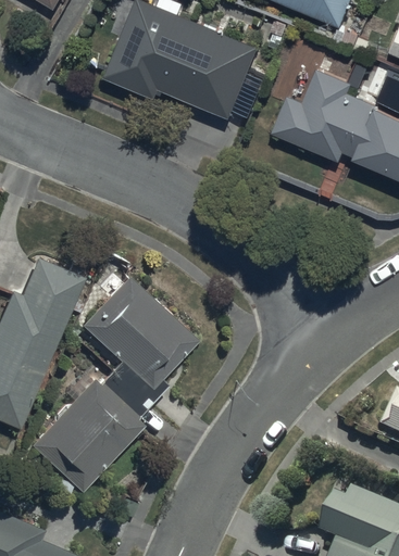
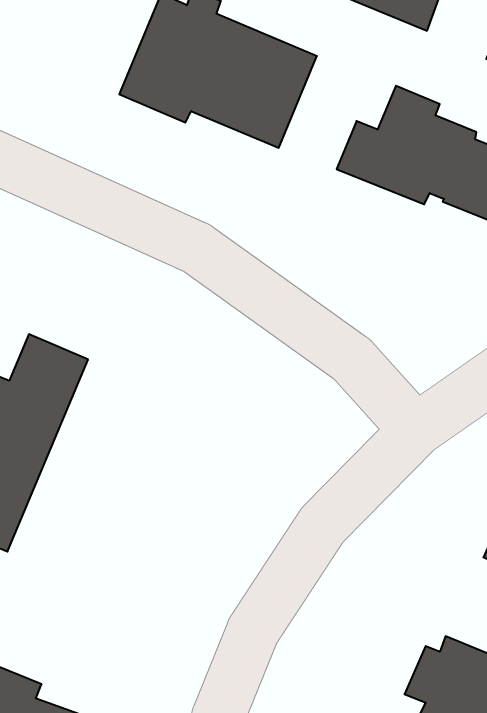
building: [29,276,197,493] -> none

